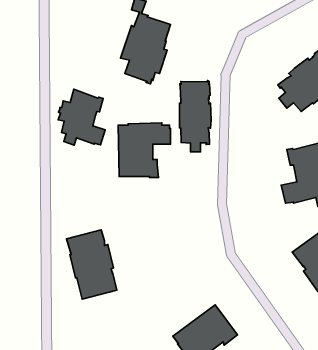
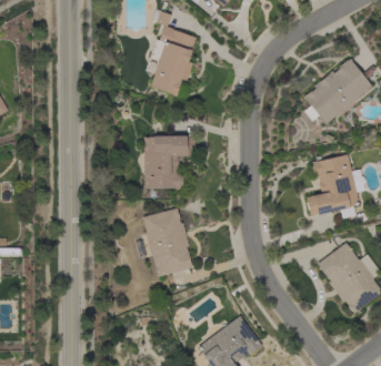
building: [180,80,211,152] -> none
building: [58,89,105,145] -> none
building: [67,230,117,299] -> [142,209,192,277]

